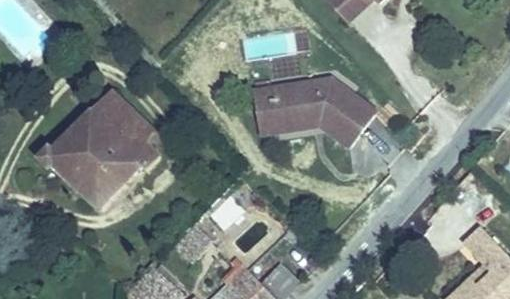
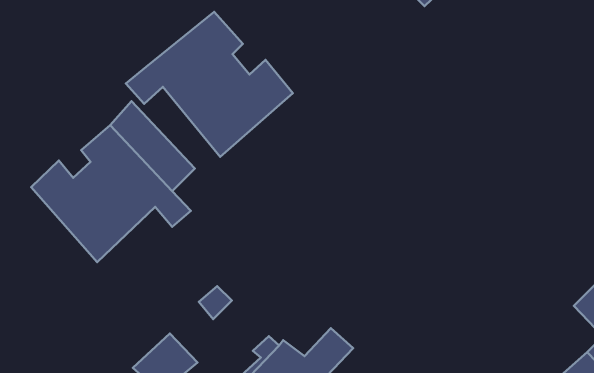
building: none -> [126,12,293,157]
building: [263,78,372,141] -> none

